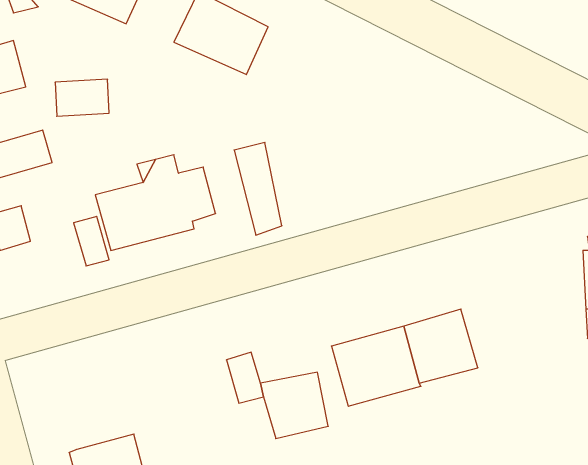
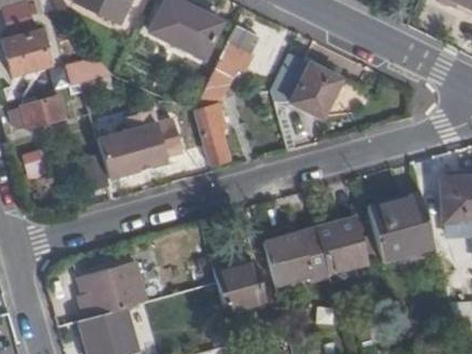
building: none -> [196,41,258,108]
building: none -> [271,52,342,118]
building: none -> [368,195,436,261]
building: none -> [78,261,147,319]

